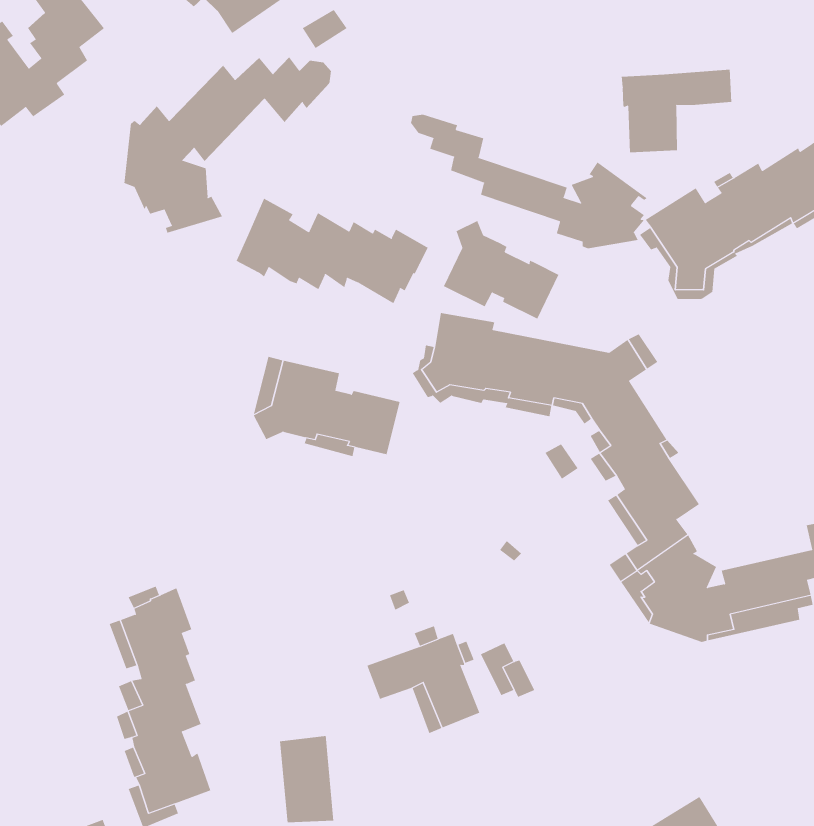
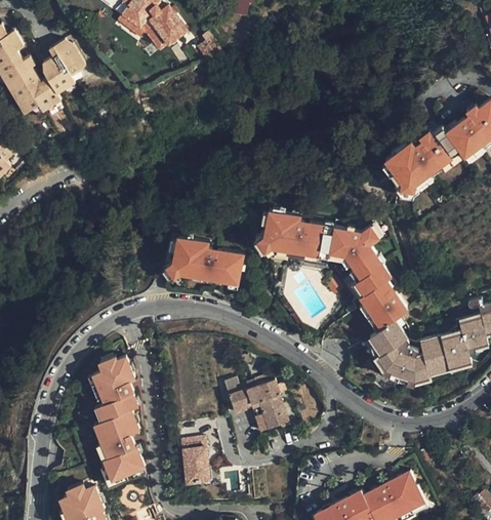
building: [124,57,331,234] -> none
building: [621,69,732,153] -> none
building: [410,114,648,249] -> none
building: [236,198,428,304] -> none
building: [443,220,559,319] -> none

